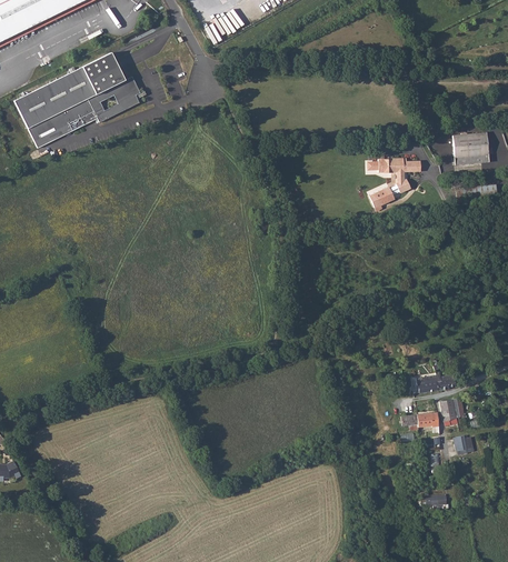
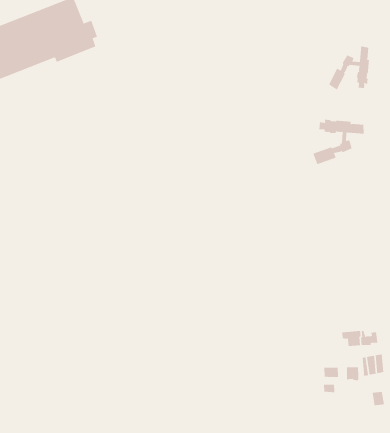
building: none -> [328,46,370,90]

